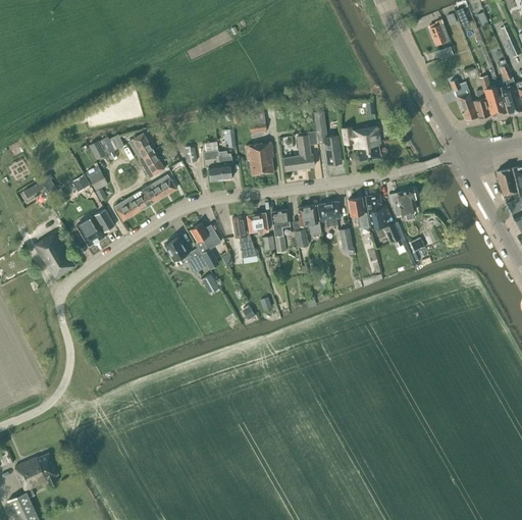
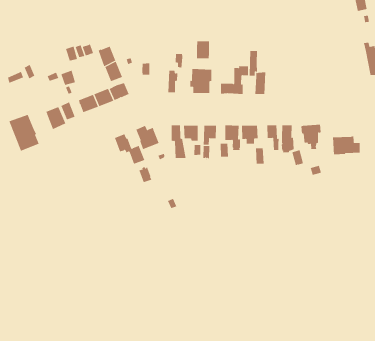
building: [341,126,380,160] -> none
building: [204,151,221,180] -> none
building: none -> [333,136,360,155]

